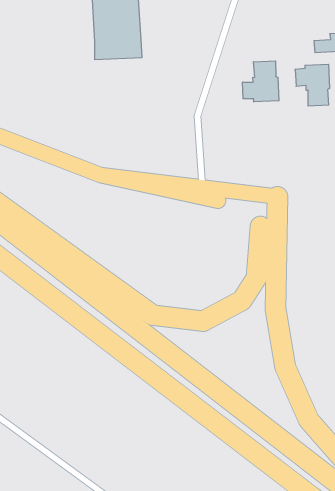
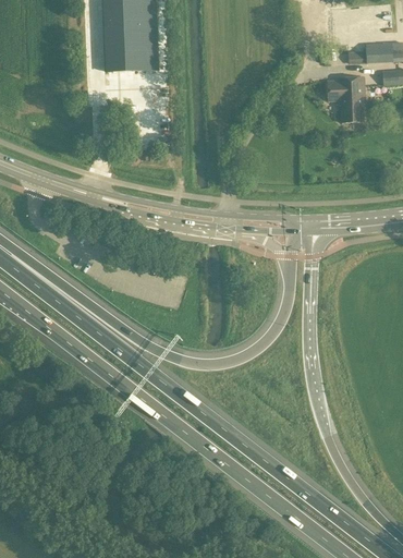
building: [243,61,279,102] -> none

